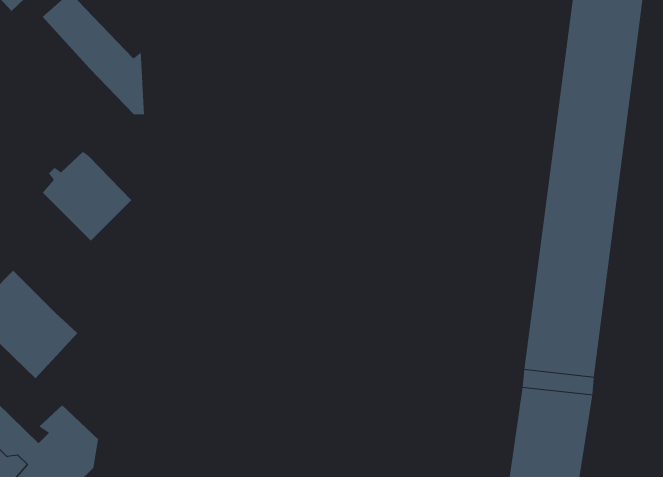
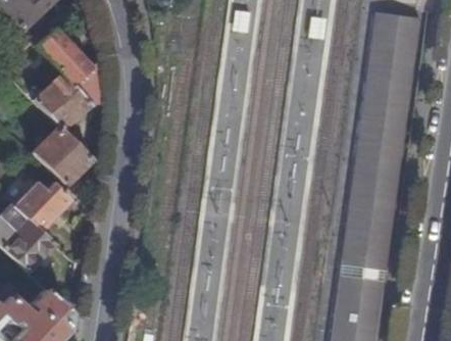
building: none -> [35,71,93,128]
building: none -> [16,179,72,229]

